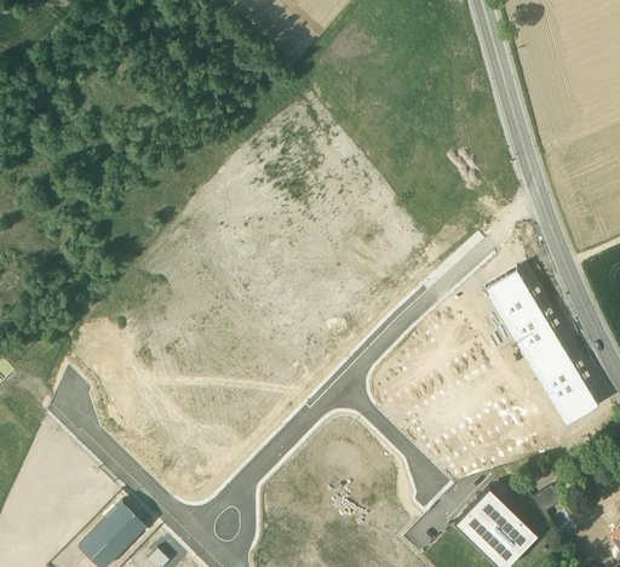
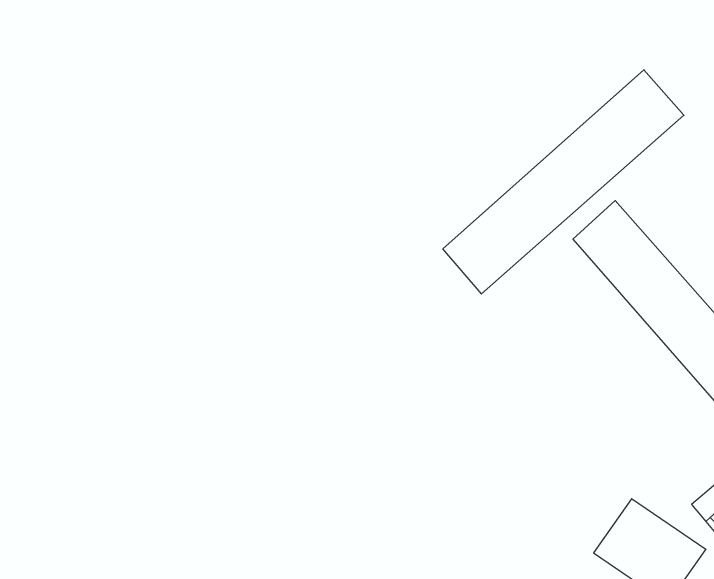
building: none -> [443,70,684,294]

